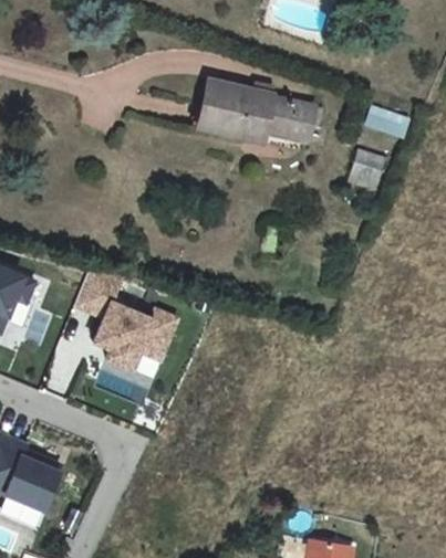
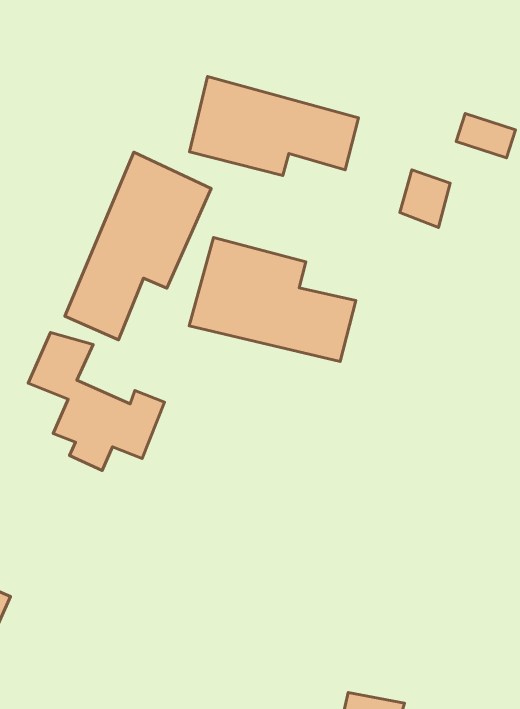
building: none -> [65,152,211,340]
building: none -> [189,238,356,361]

